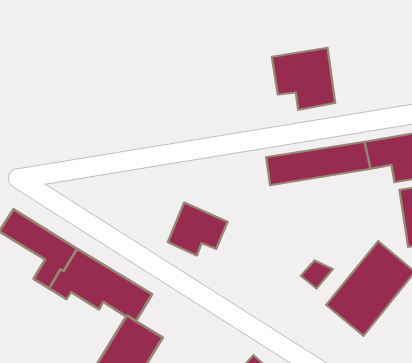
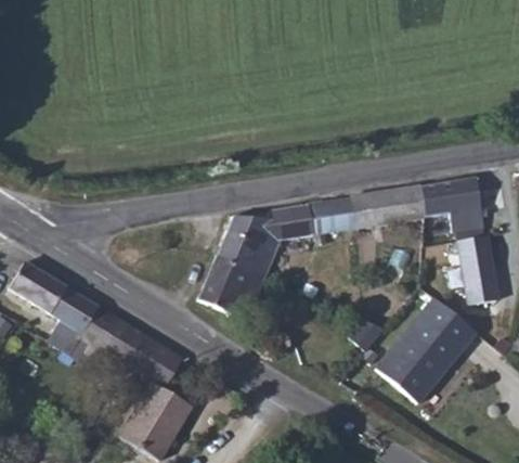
building: [272,48,335,110] -> none
building: none -> [218,203,314,275]

